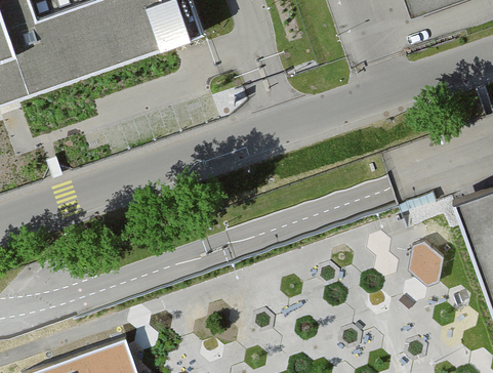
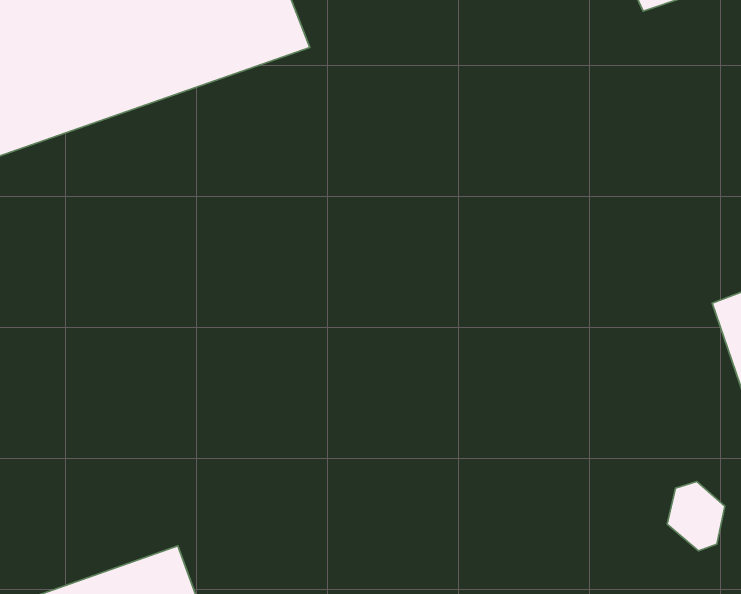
building: [409,245,445,288] -> [667,481,725,551]

